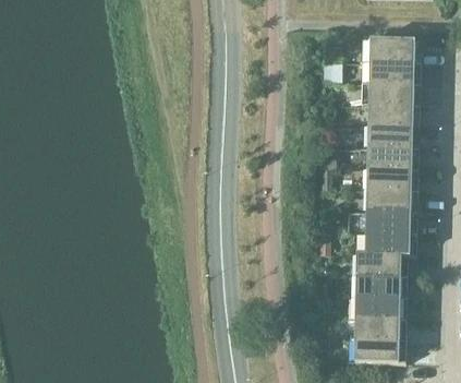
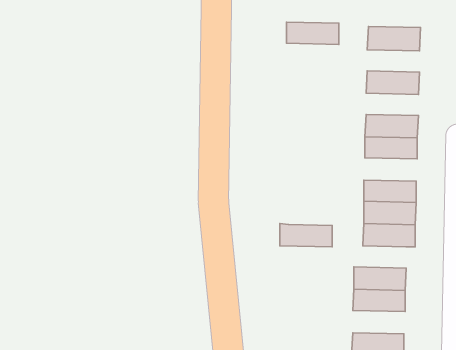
building: [369,59,421,81] -> [286,22,339,44]
building: [368,101,420,123] -> none
building: [366,165,418,188] -> none
building: [356,250,408,273] -> [280,223,332,247]
building: [355,314,407,337] -> none

